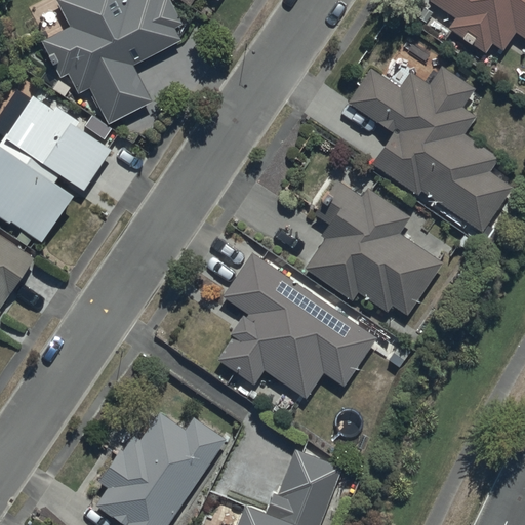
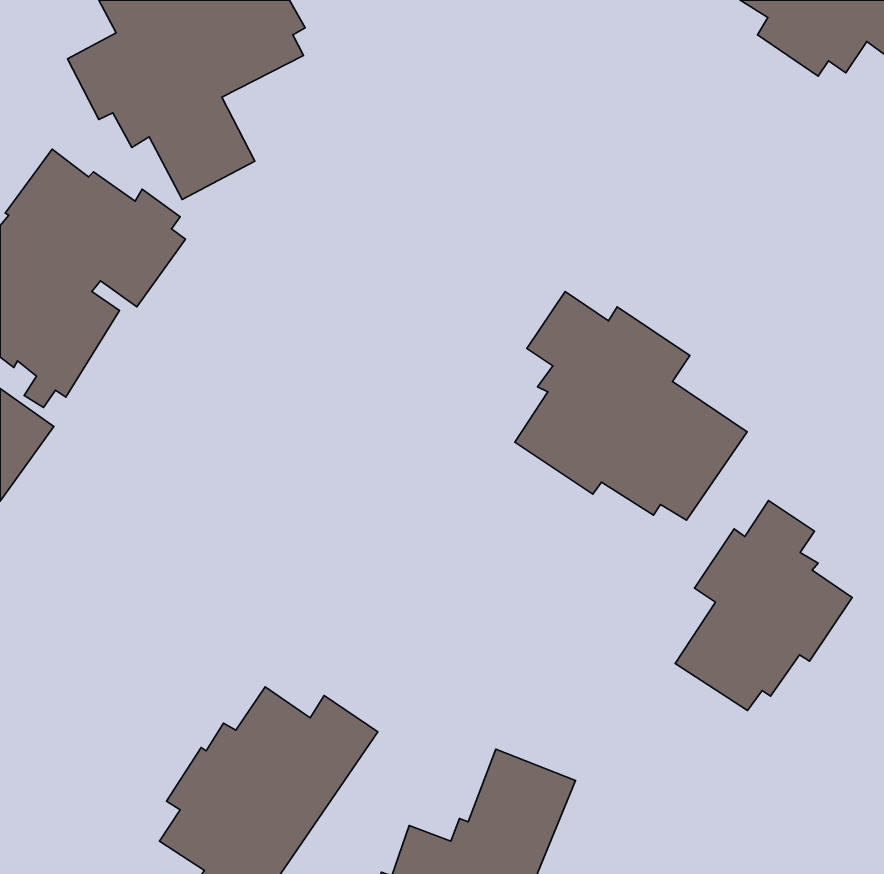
building: [348,66,512,232] -> none
building: [217,253,375,399] -> none
building: none -> [675,500,852,710]

